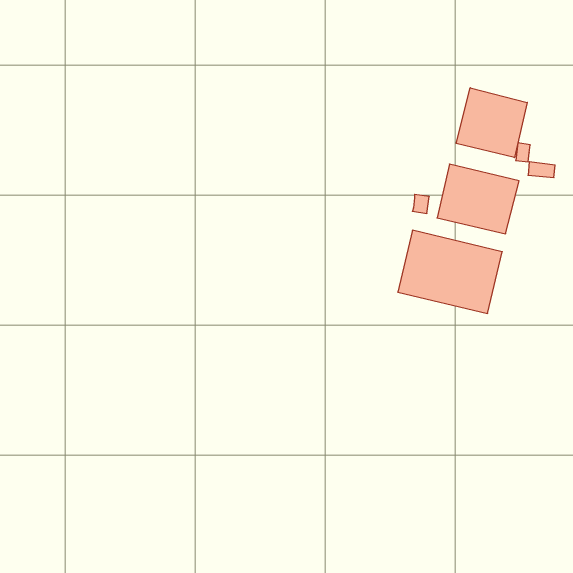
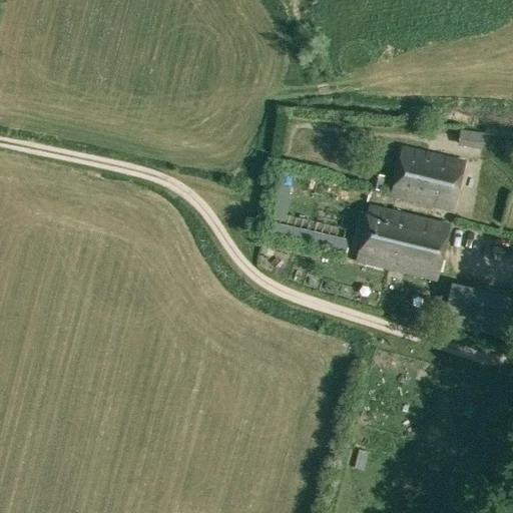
building: [456,88,527,158] -> none

